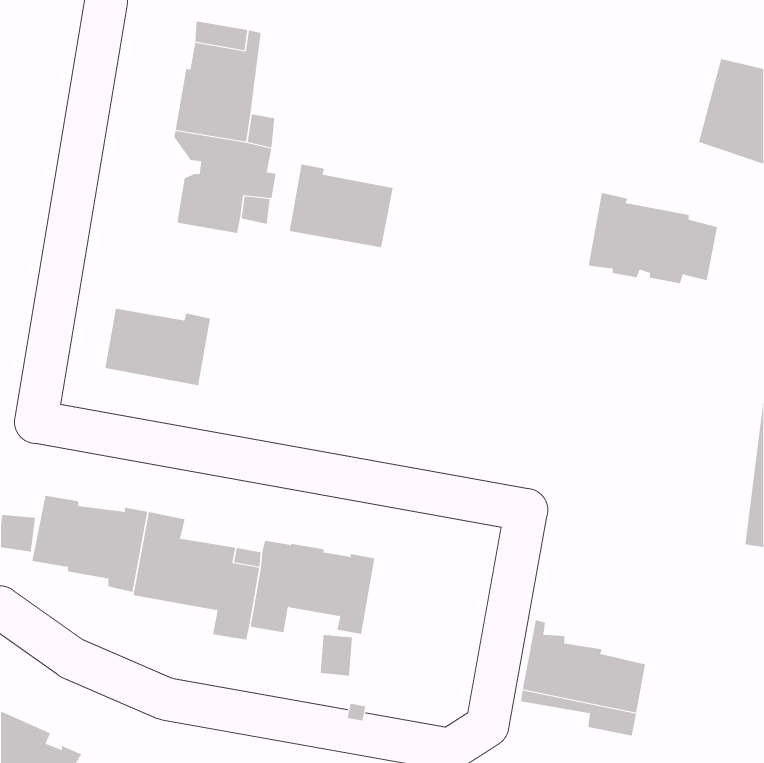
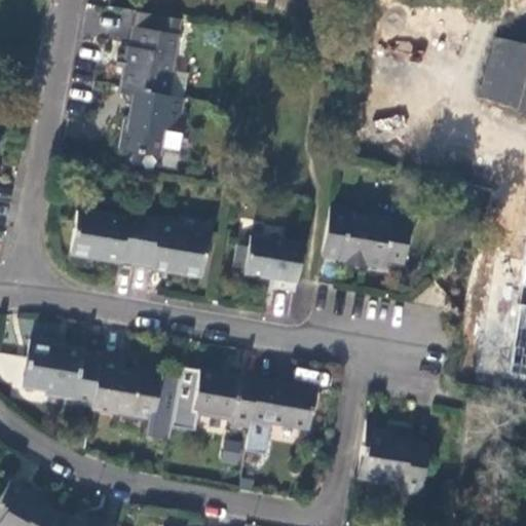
building: [289,164,394,248] -> [137,220,209,277]
building: [588,192,718,284] -> [323,209,412,271]
building: none -> [233,241,303,297]
building: none -> [245,383,310,459]

